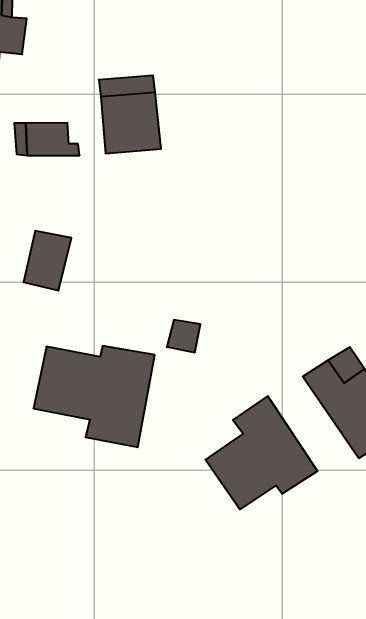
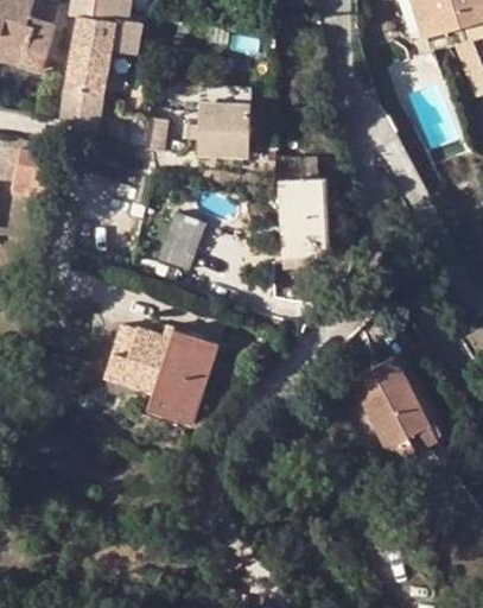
building: none -> [281,178,323,255]
building: [23,231,71,291] -> [158,211,206,268]
building: [205,396,317,509] -> none

